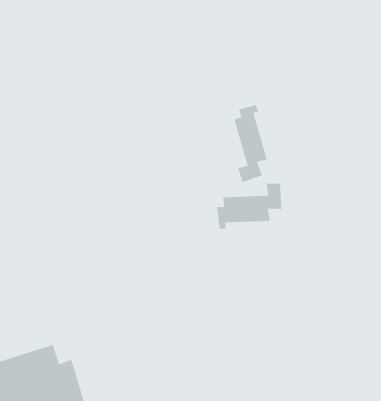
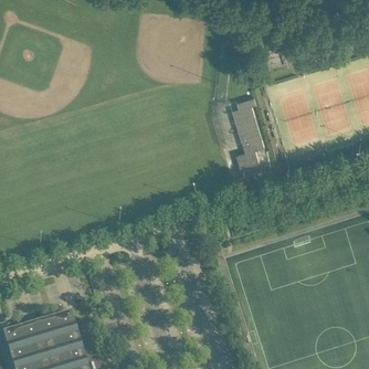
building: [216,183,282,229] -> none

